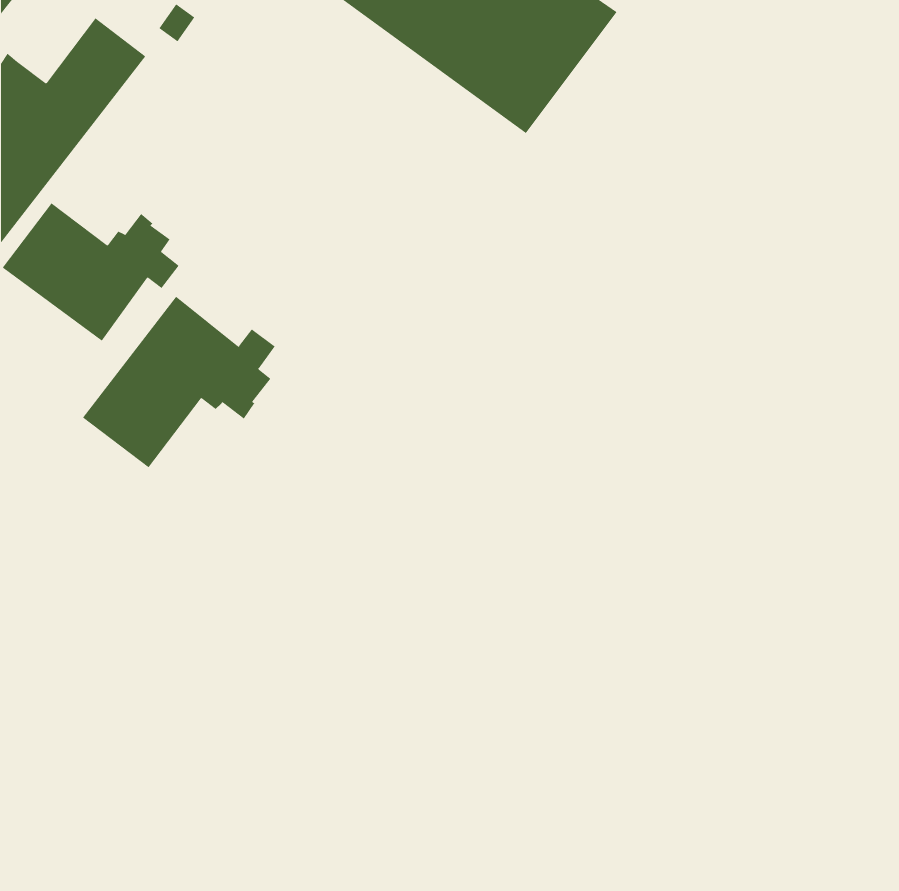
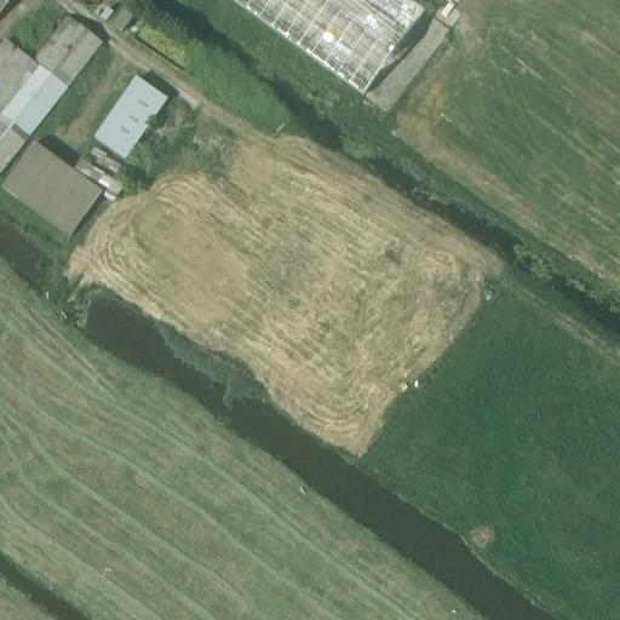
building: none -> [93,74,167,157]
building: [82,296,275,468] -> none

